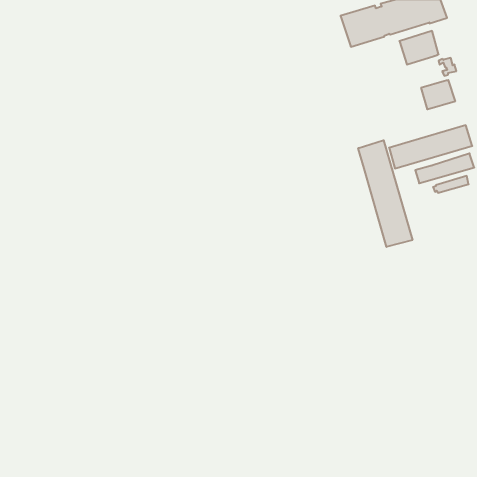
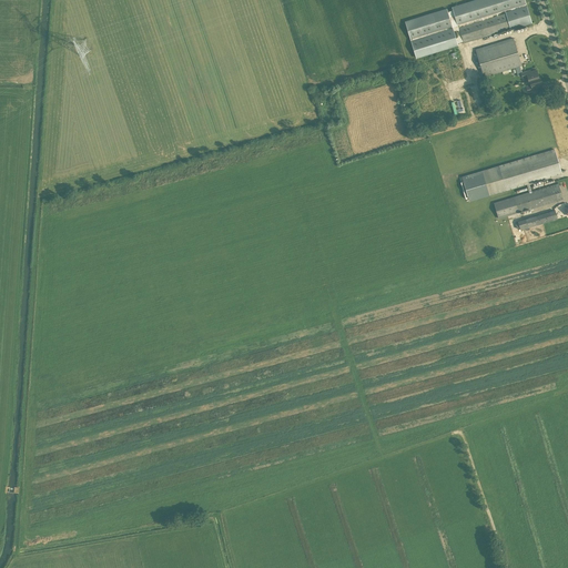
building: [421,80,455,109] -> none
building: [358,140,412,247] -> none

